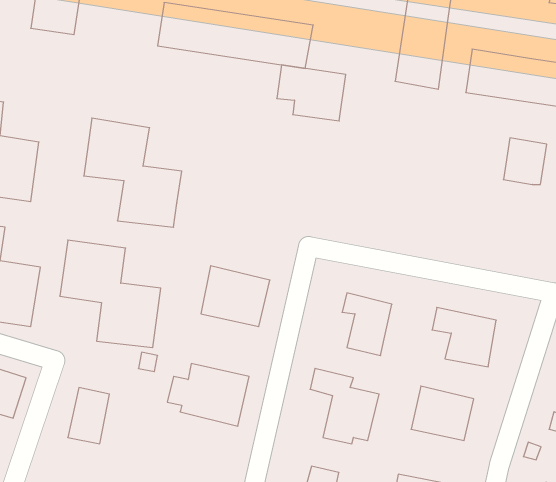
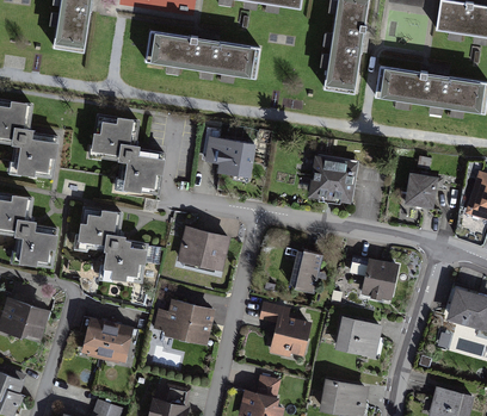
building: [277,65,346,121] -> [205,136,257,178]
building: [503,138,547,184] -> [406,175,438,210]
building: none -> [309,156,357,204]
building: none -> [104,321,135,362]

